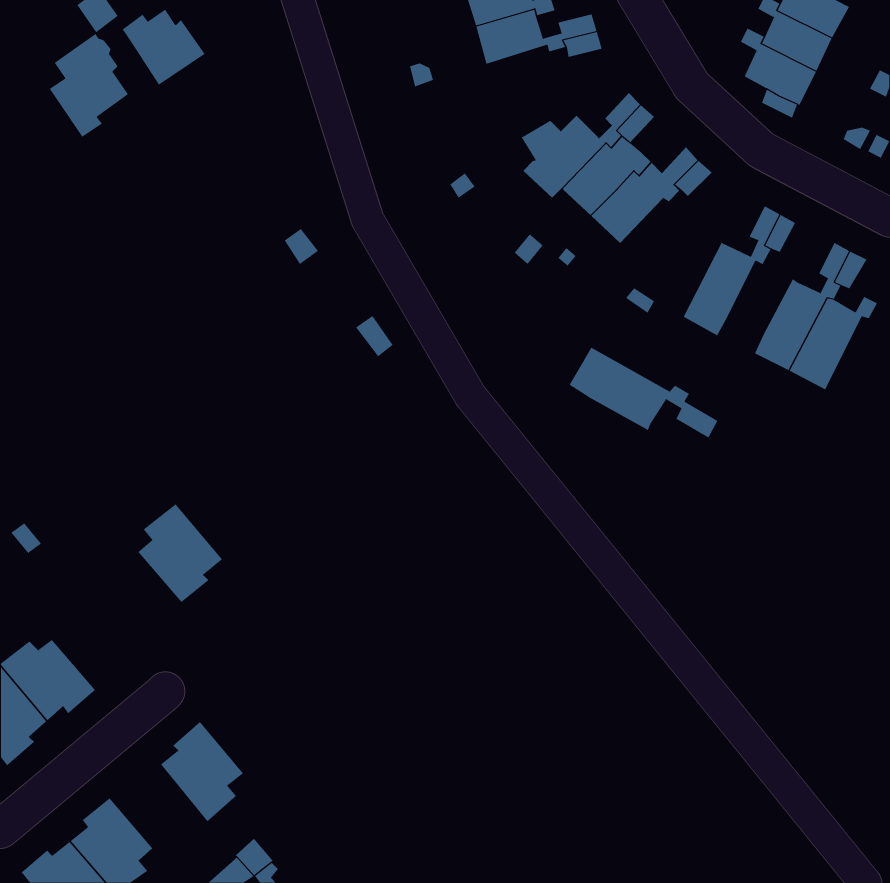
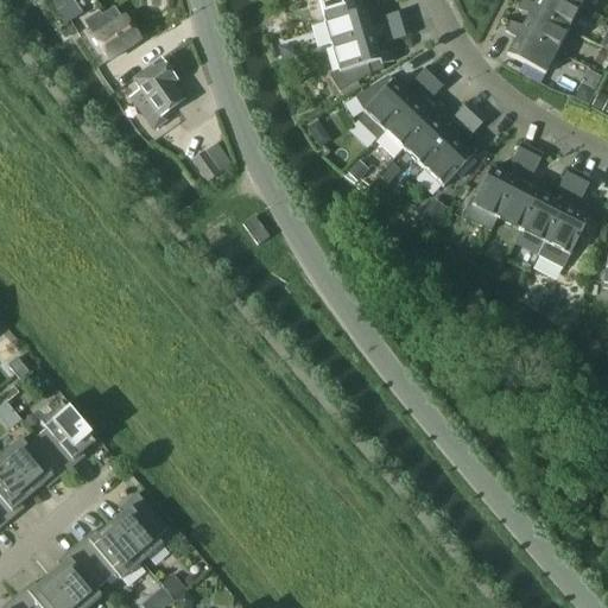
building: [49,33,129,138] -> [129,57,184,128]
building: none -> [329,31,393,89]
building: none -> [423,135,483,185]
building: none -> [496,177,550,228]
building: [569,347,718,439] -> none
building: [138,504,223,603] -> [36,403,94,470]
building: none -> [75,521,141,578]

